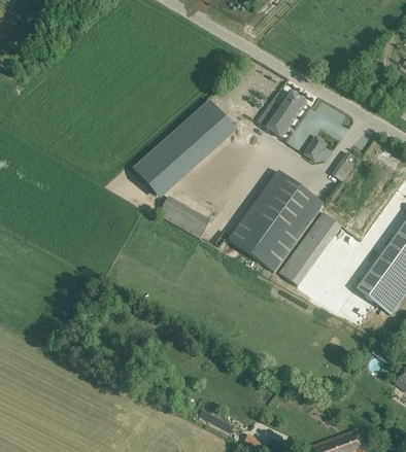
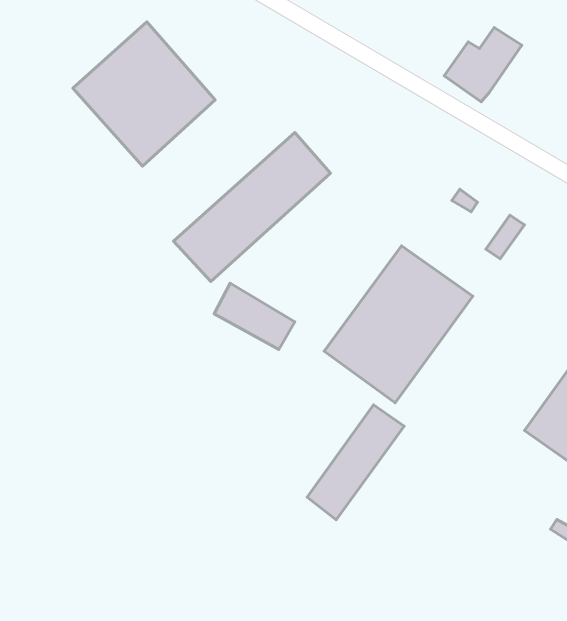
building: none -> [73,22,215,166]
building: [258,91,307,138] -> [444,27,522,102]
building: [279,213,341,286] -> [307,405,404,520]

